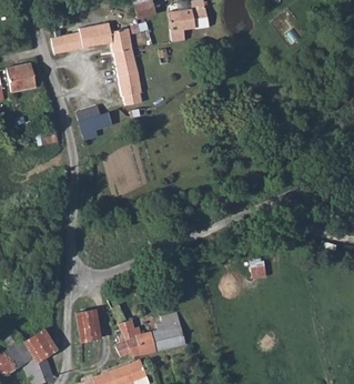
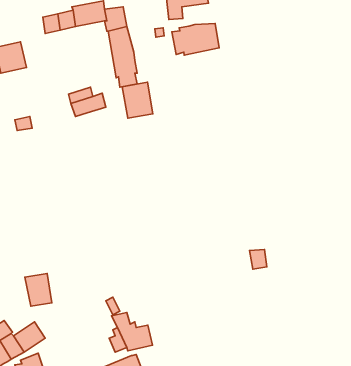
building: none -> [172,23,219,55]
building: none -> [122,82,153,118]
building: [75,310,101,341] -> [25,274,52,306]
building: [152,313,186,351] -> none

